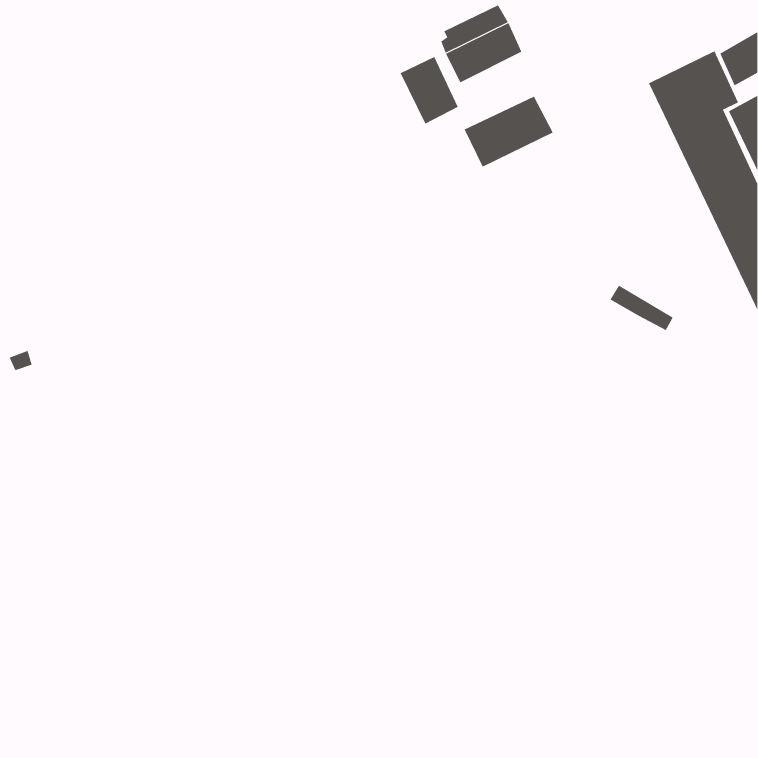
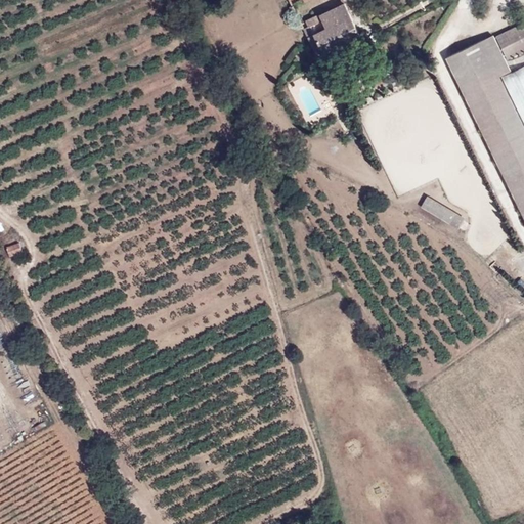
building: [400,56,459,125] -> none
building: [464,96,553,168] -> none

